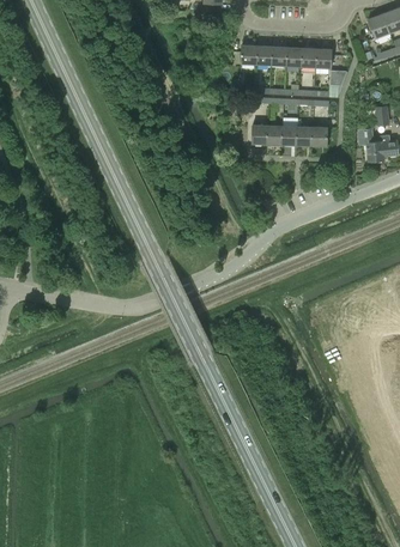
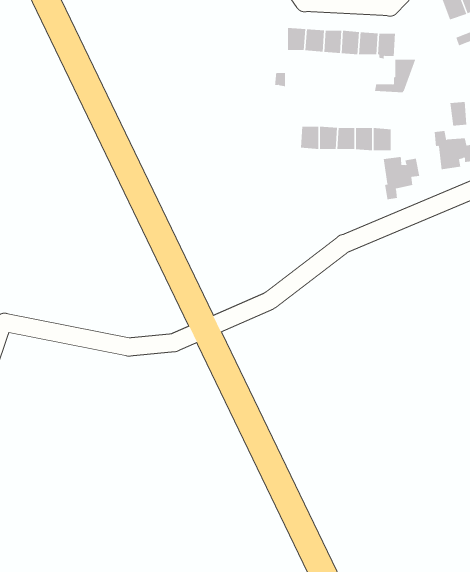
building: none -> [383,156,420,200]

